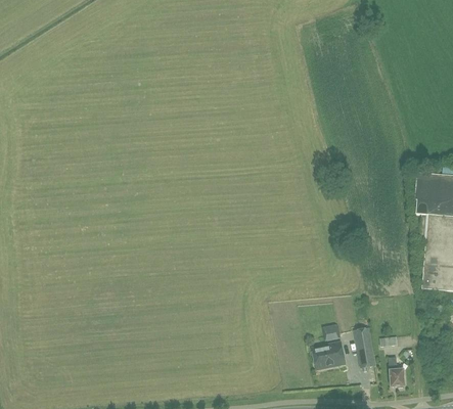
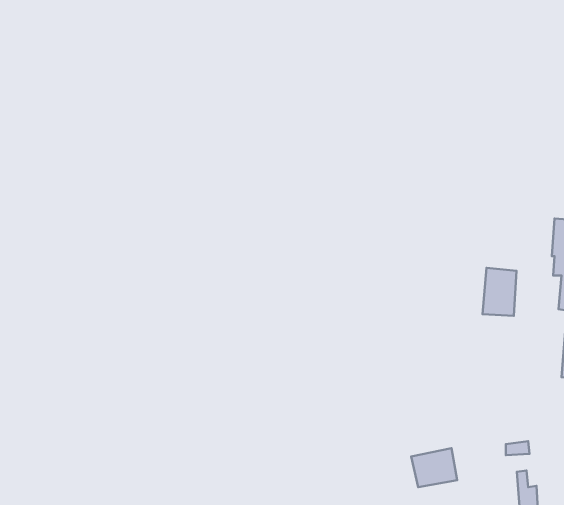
building: none -> [483,268,516,316]
building: [354,328,374,367] -> none

